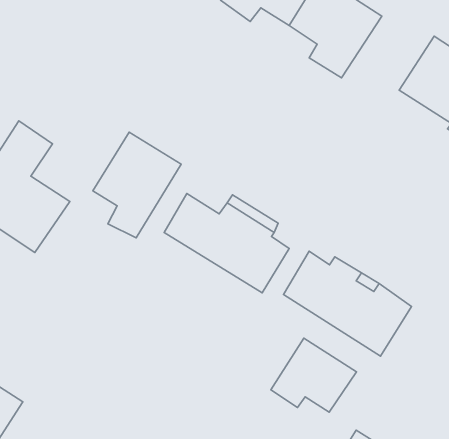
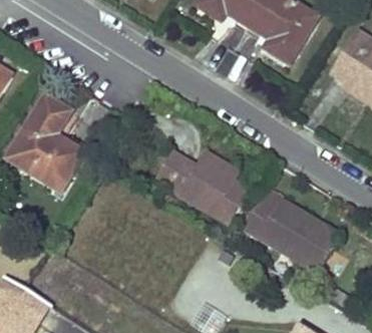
building: [93,132,181,238] -> none
building: [271,338,356,412] -> none

